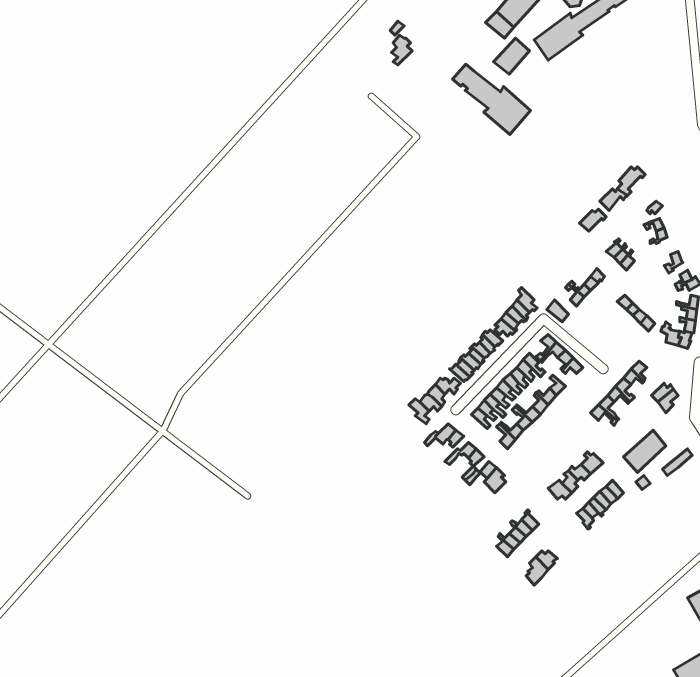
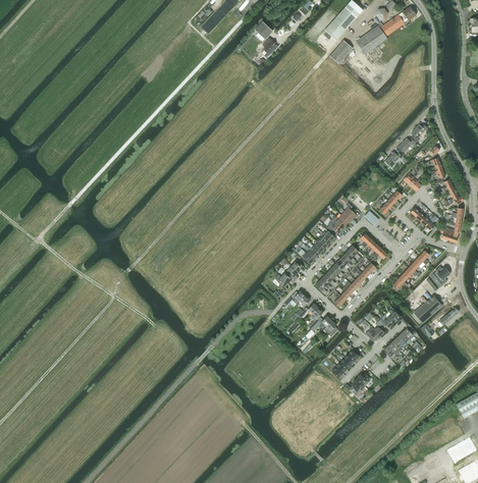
building: [452,64,530,135] -> none

